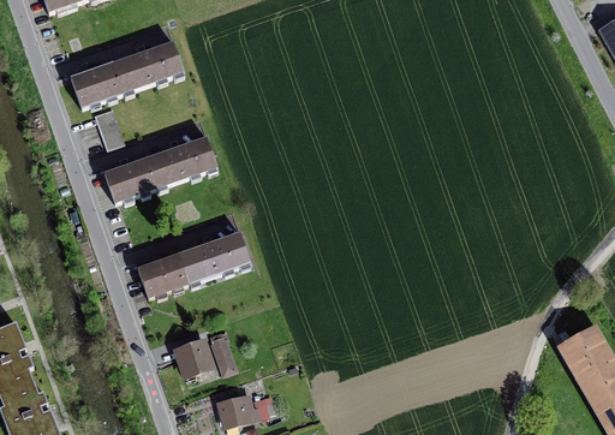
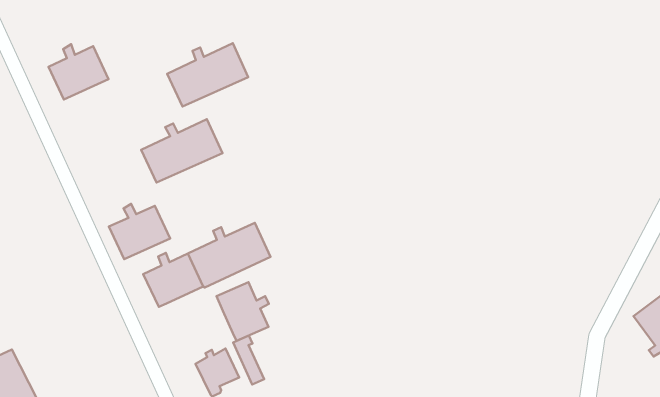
building: [111,42,181,94] -> [167,43,248,107]
building: [92,108,123,149] -> none
building: [102,155,155,203] -> [109,204,170,259]
building: none -> [217,282,269,341]

